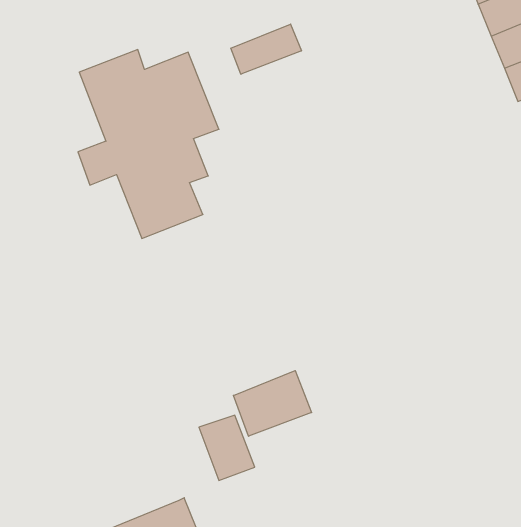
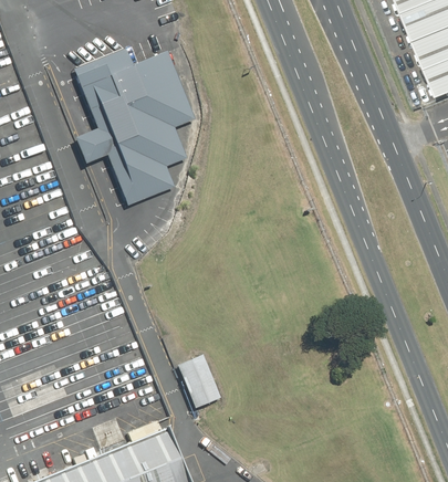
building: [231,24,301,74] -> none
building: [233,371,312,436] -> none

